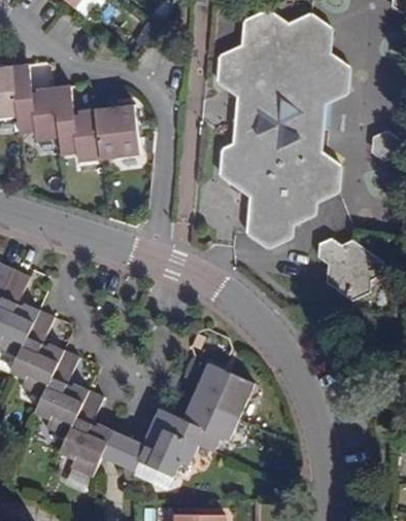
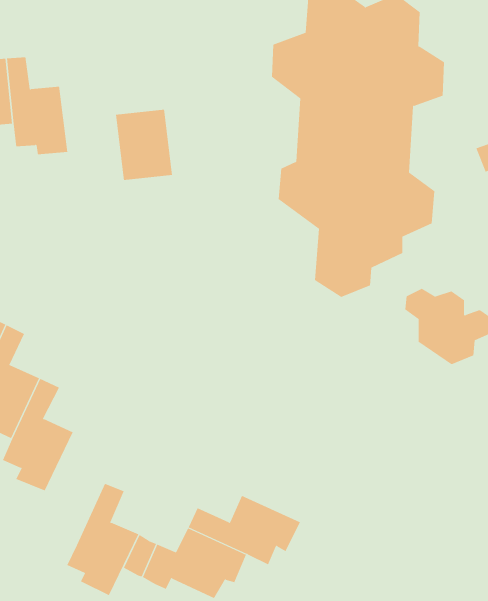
building: [54,84,102,161] -> none
building: [34,350,88,438] -> none
building: [193,363,253,420] -> none

